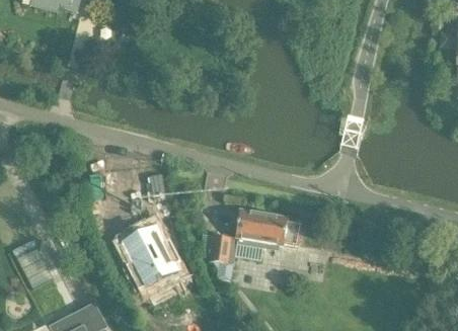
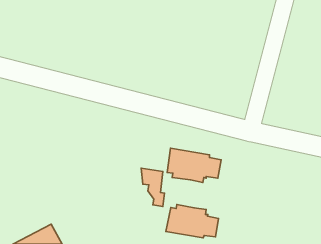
building: [123,221,169,288] -> none
building: none -> [166,204,218,238]

